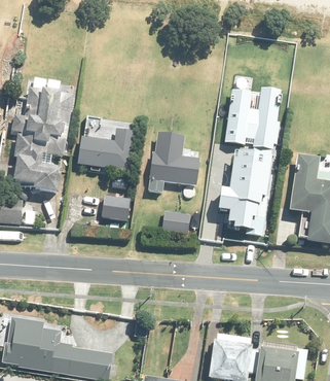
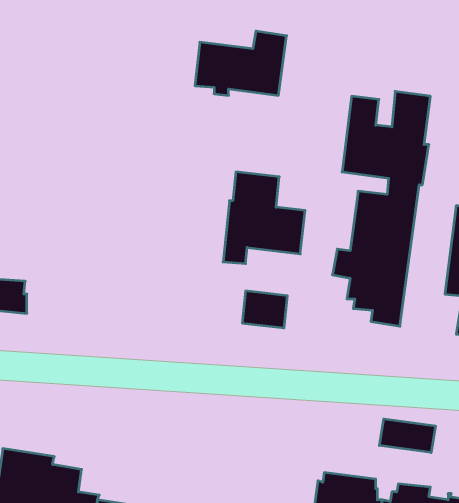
building: [11,90,74,199] -> none
building: [78,133,137,174] -> [195,31,287,95]
building: [101,198,131,232] -> none
building: none -> [379,419,435,453]

